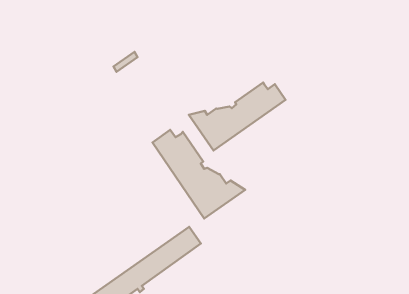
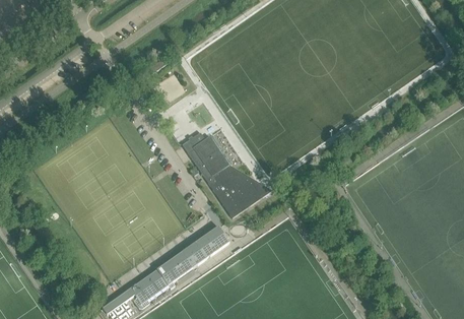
building: [189,83,286,151] -> none

